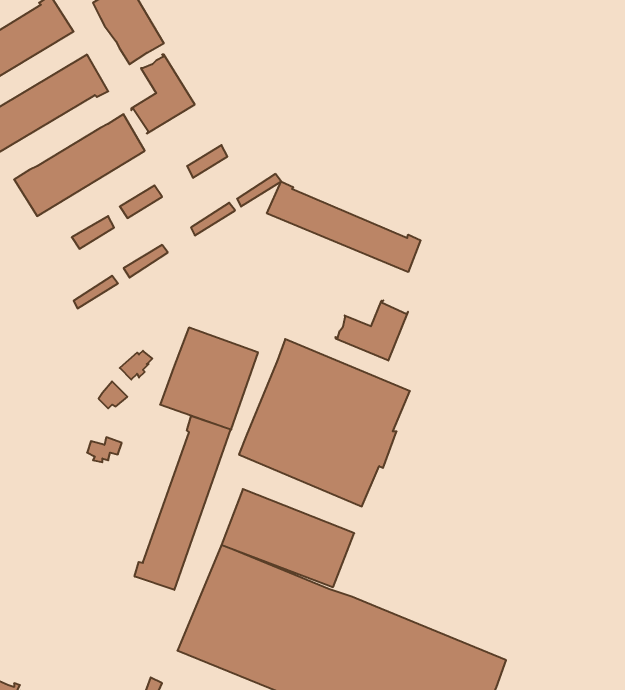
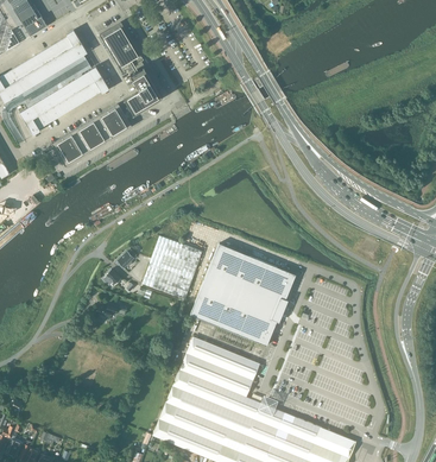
building: [267,182,421,272] -> none
building: [335,300,408,361] -> none
building: [135,416,231,590] -> none

